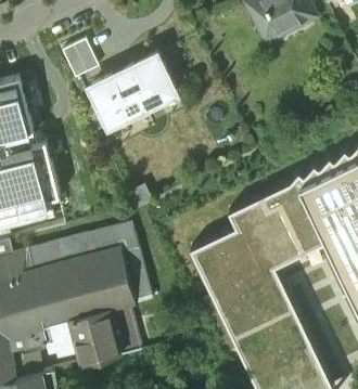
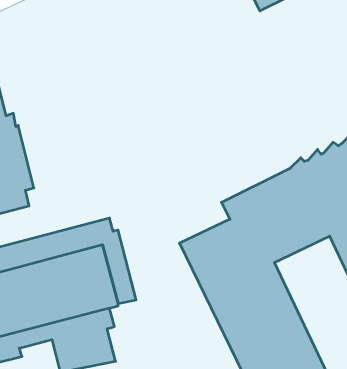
building: [63,41,100,79] -> none
building: [91,56,176,127] -> none

